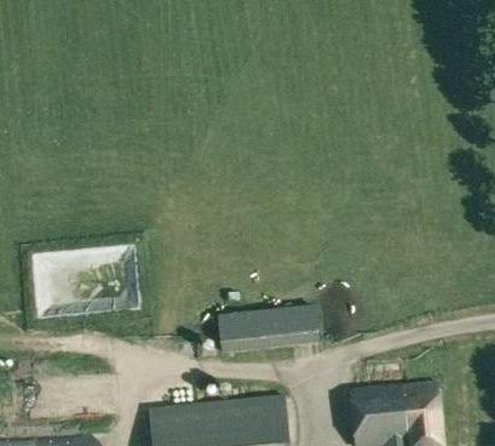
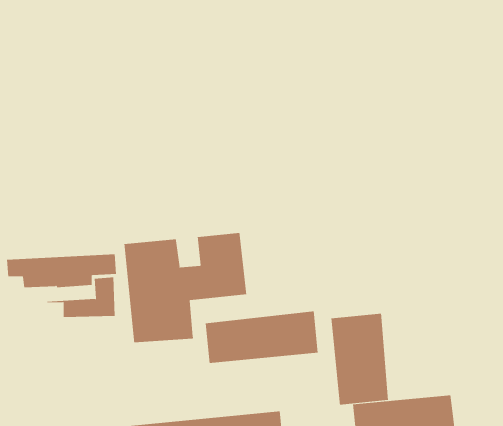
building: none -> [124,232,247,343]
building: none -> [331,313,389,405]

